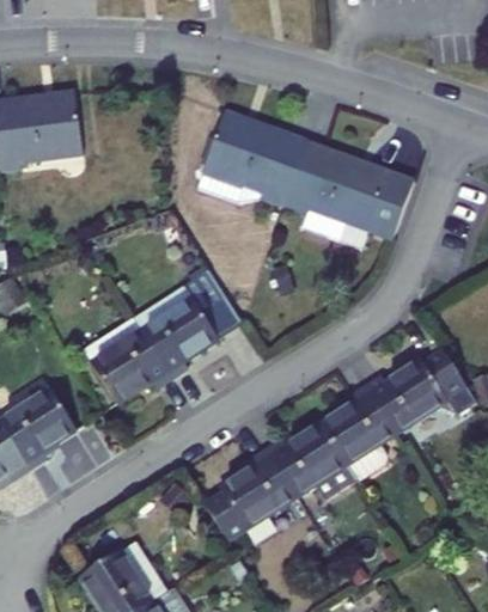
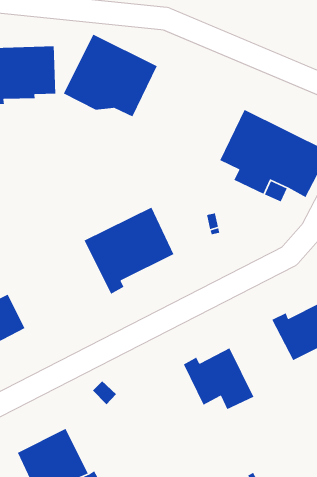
building: [197,109,306,203] -> [63,34,158,118]
building: [84,316,172,402] -> none
building: [321,385,397,485] -> none
building: [206,449,297,539] -> none

